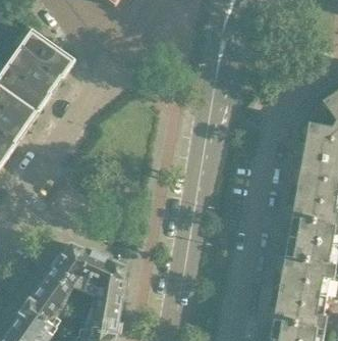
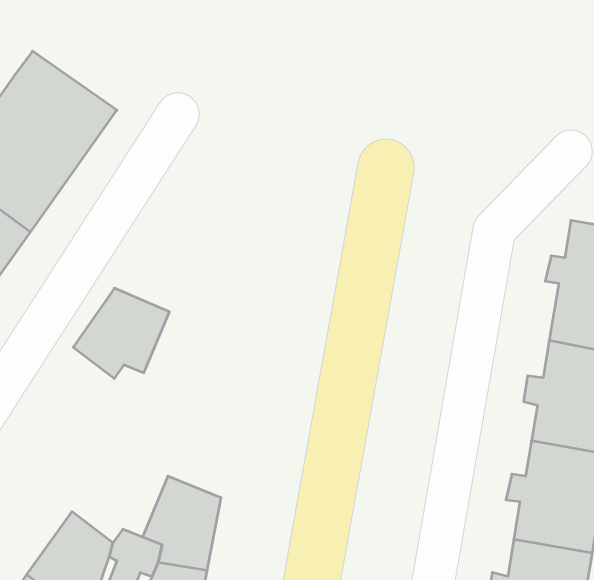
building: [50,242,100,289] -> [73,288,169,379]

